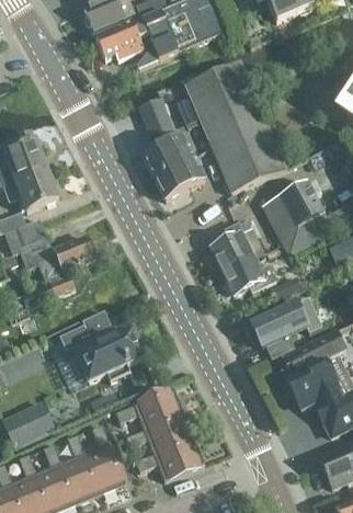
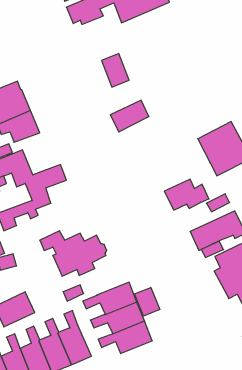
building: [181,59,286,190] -> none
building: [139,134,190,174] -> none
building: [208,220,252,272] -> none
building: none -> [134,287,160,316]

